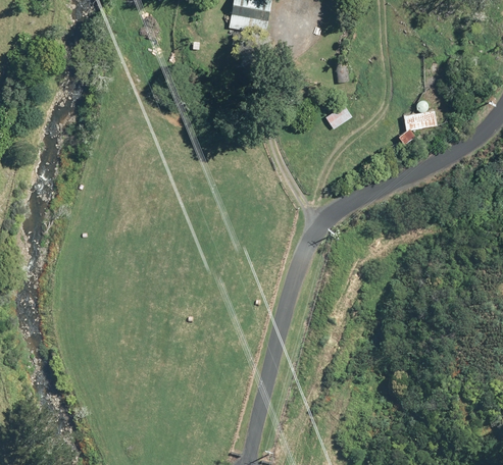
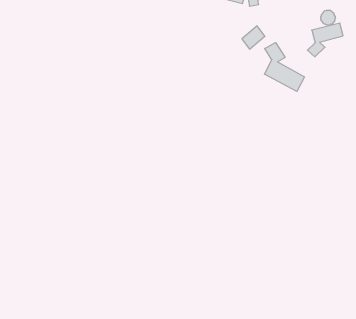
building: none -> [264,43,304,91]

